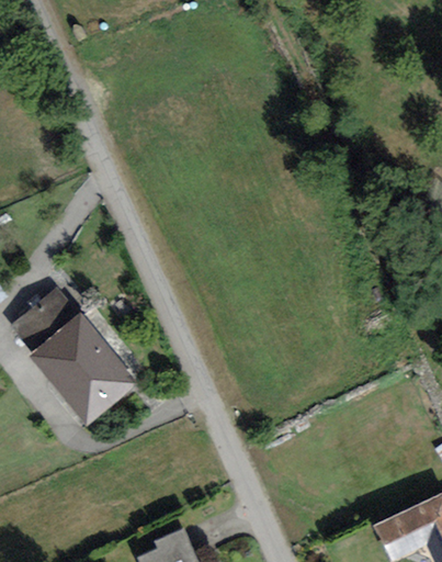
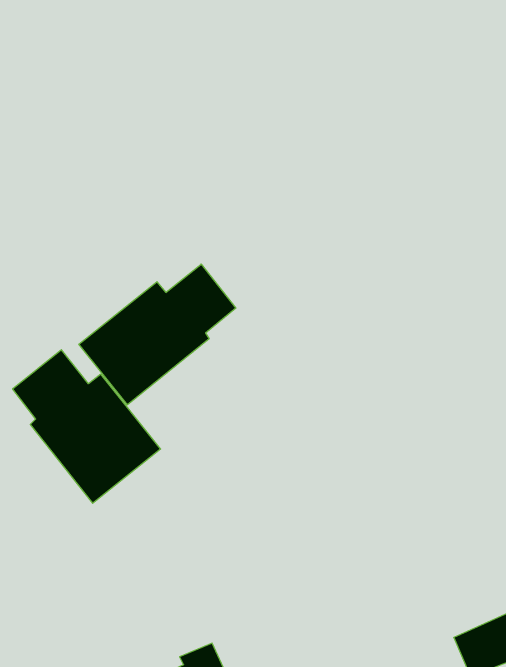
building: none -> [79,264,236,405]

